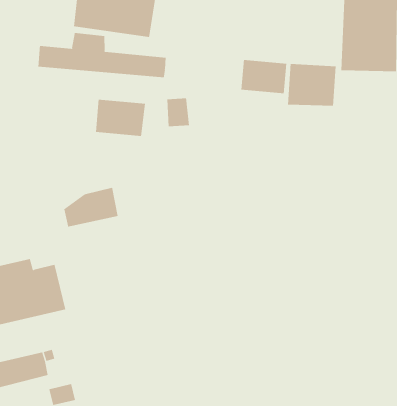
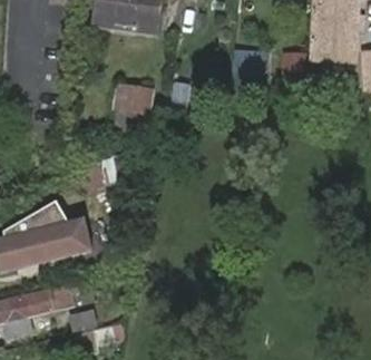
building: [38,32,166,78] -> none

